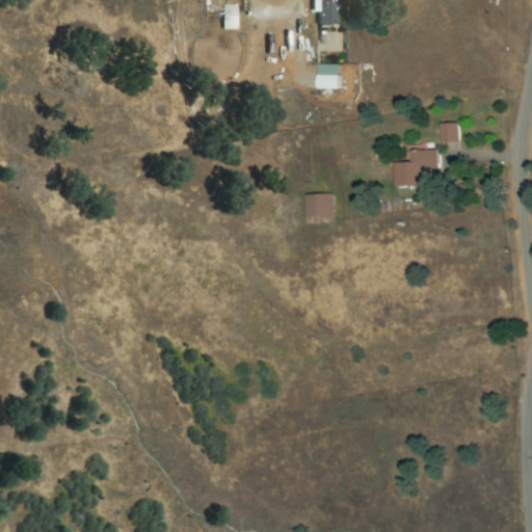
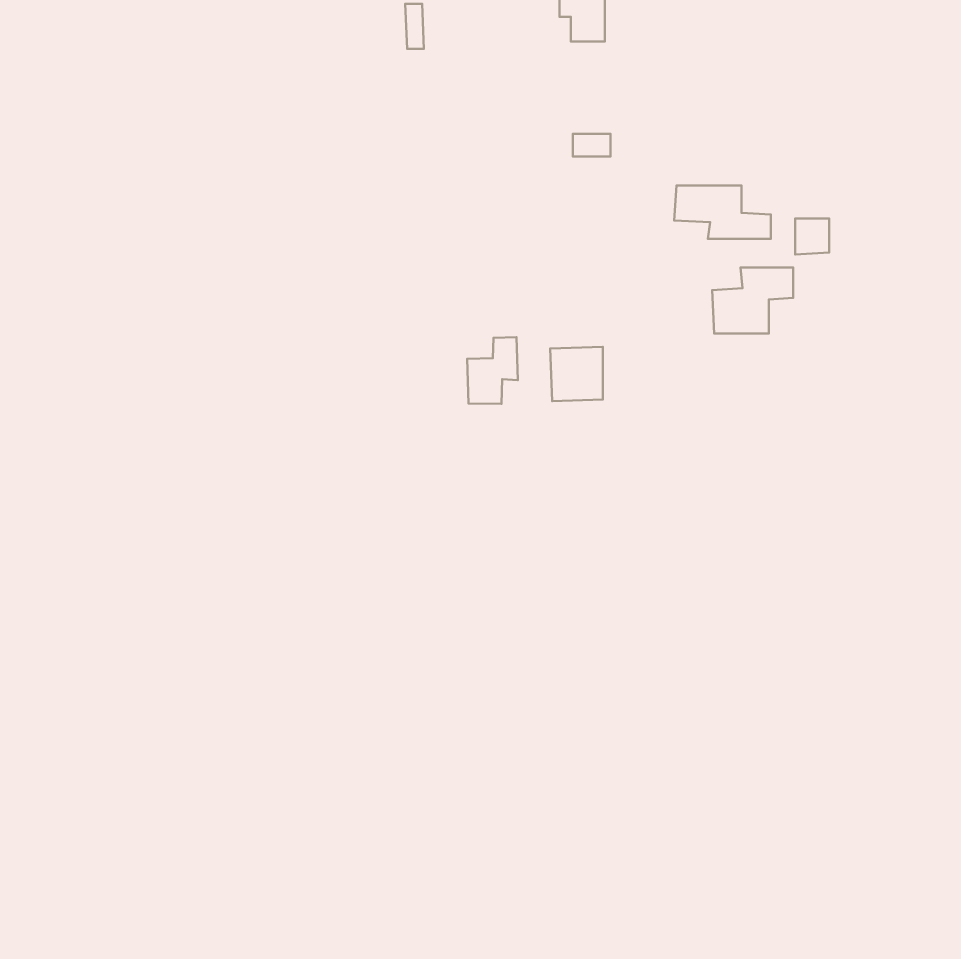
building: none -> [674,185,771,239]
building: none -> [467,337,518,404]

